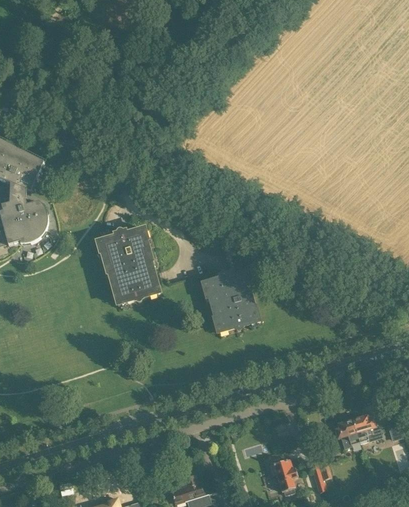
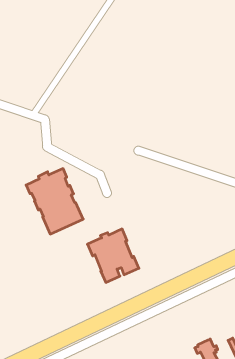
building: [202,269,259,330] -> [87,229,139,282]

